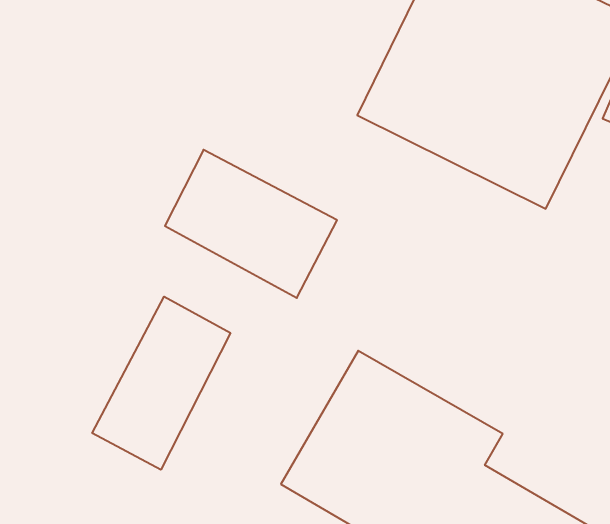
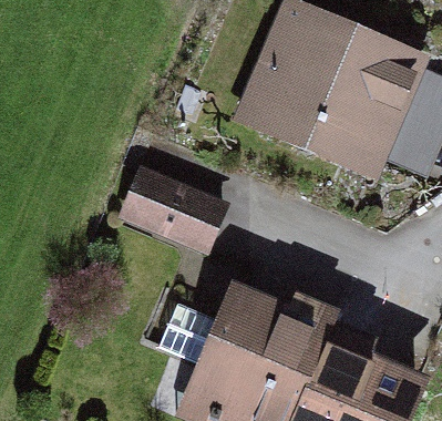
building: [92,297,230,470] -> none

